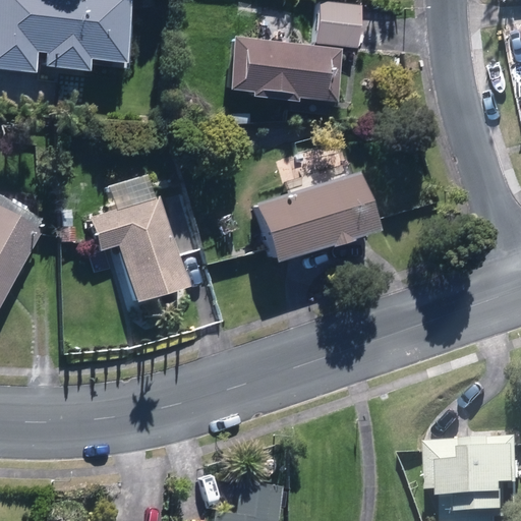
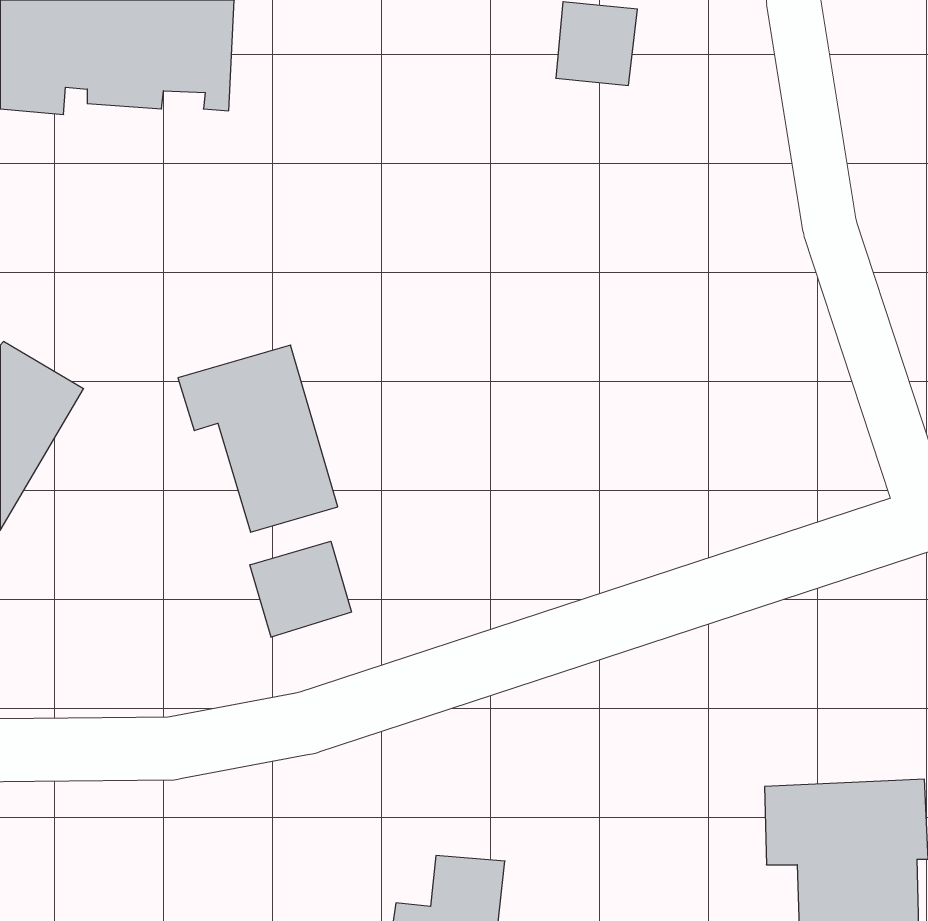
building: [223,42,335,106] -> none
building: [262,170,375,255] -> none
building: none -> [250,541,352,637]

